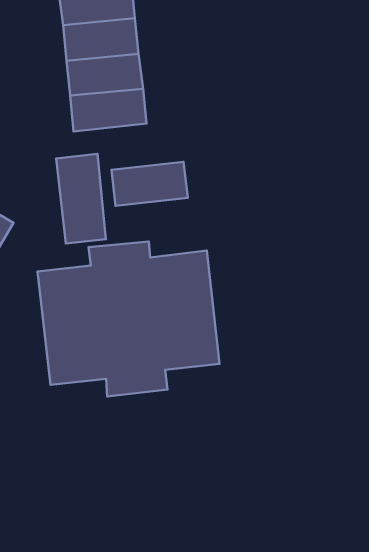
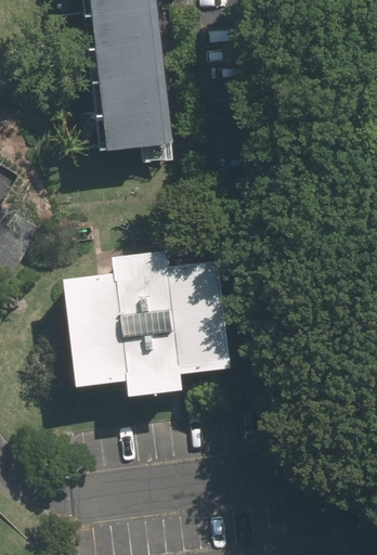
building: [56,154,106,244] -> none
building: [112,162,188,206] -> none

